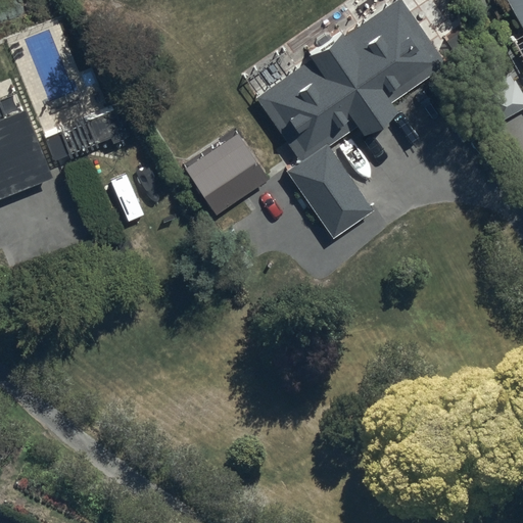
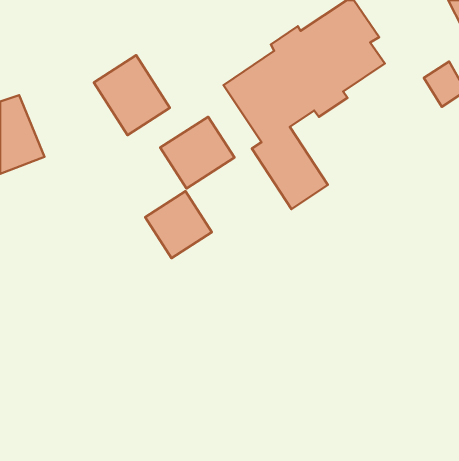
building: none -> [94,55,170,135]
building: none -> [145,191,212,258]

